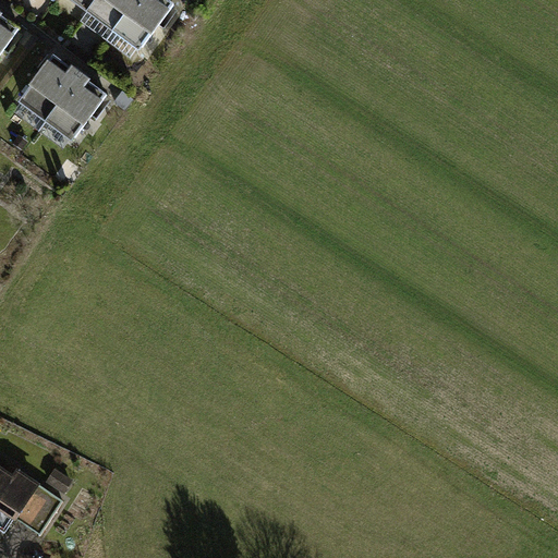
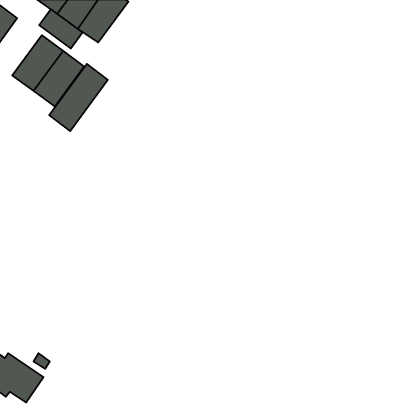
building: none -> [39,9,83,49]
building: none -> [49,64,108,131]

